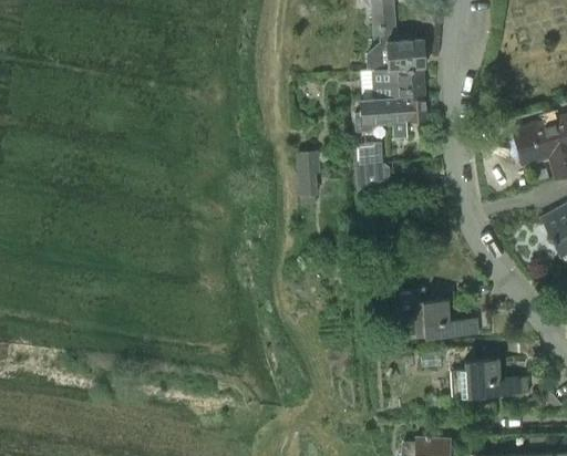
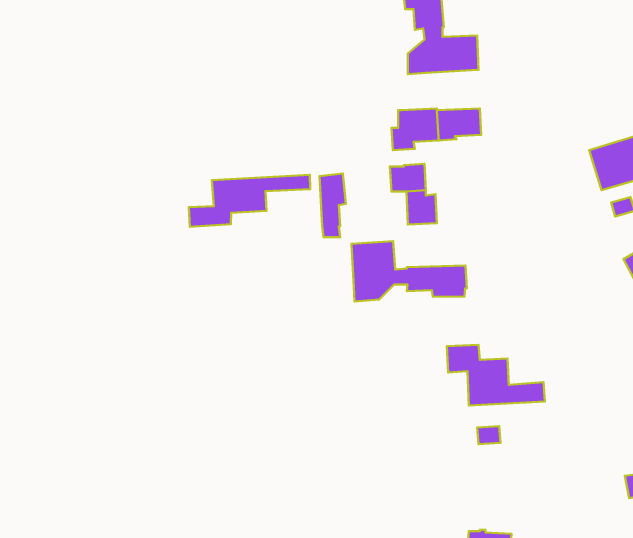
building: [361,69,426,101] -> none
building: none -> [189,175,310,227]
building: none -> [351,241,467,302]
building: [449,348,528,397] -> none

